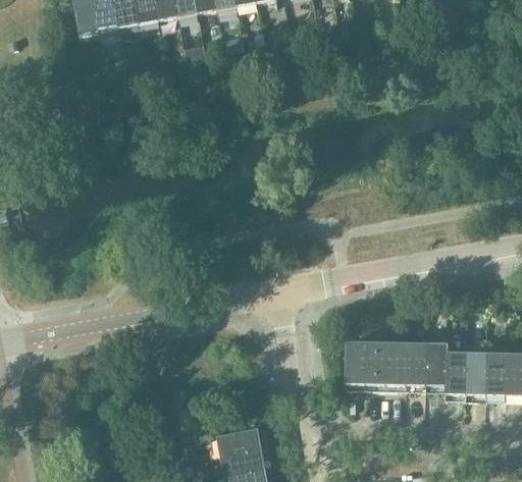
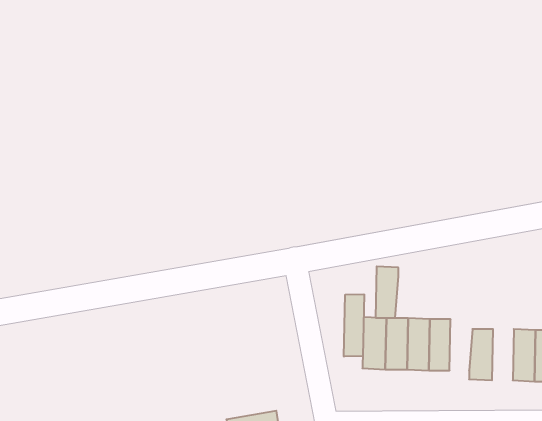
building: none -> [344,294,364,357]
building: [426,343,448,391] -> [376,266,398,318]
building: [466,353,486,400] -> none

